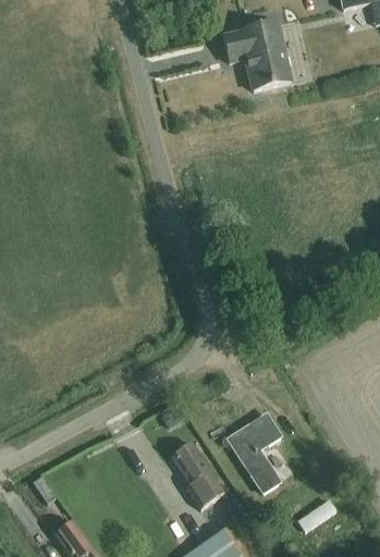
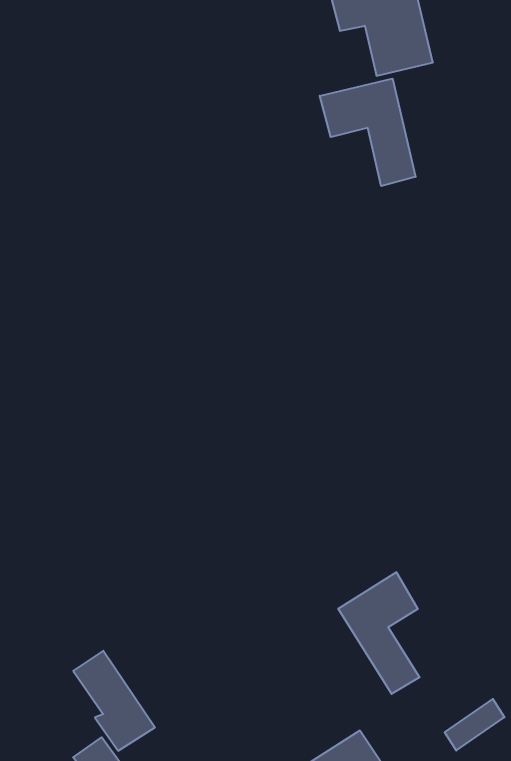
building: none -> [320,79,416,186]
building: [172,443,225,508] -> [73,651,155,751]

